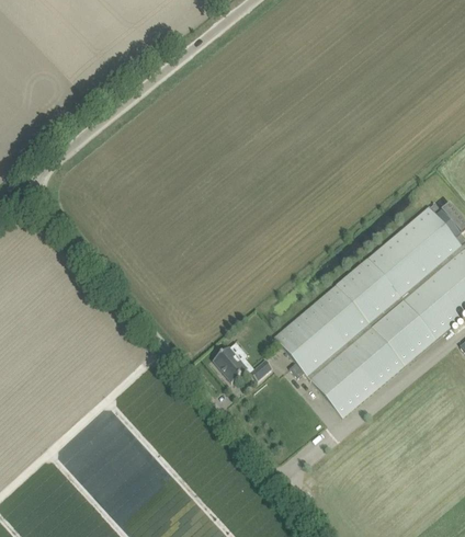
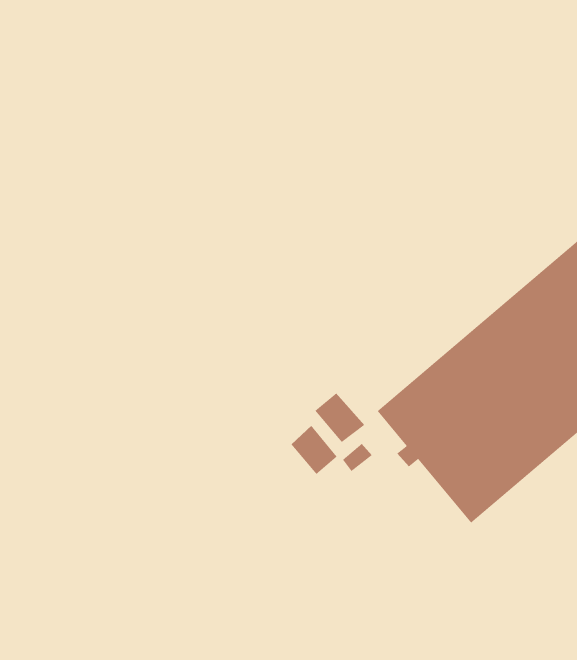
building: none -> [314,392,365,443]

